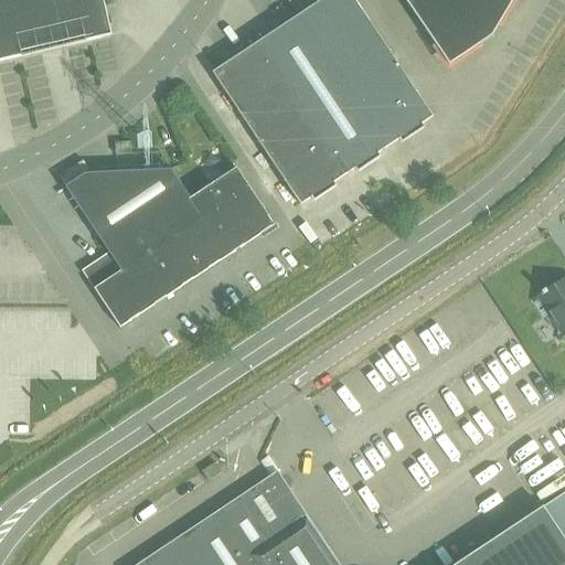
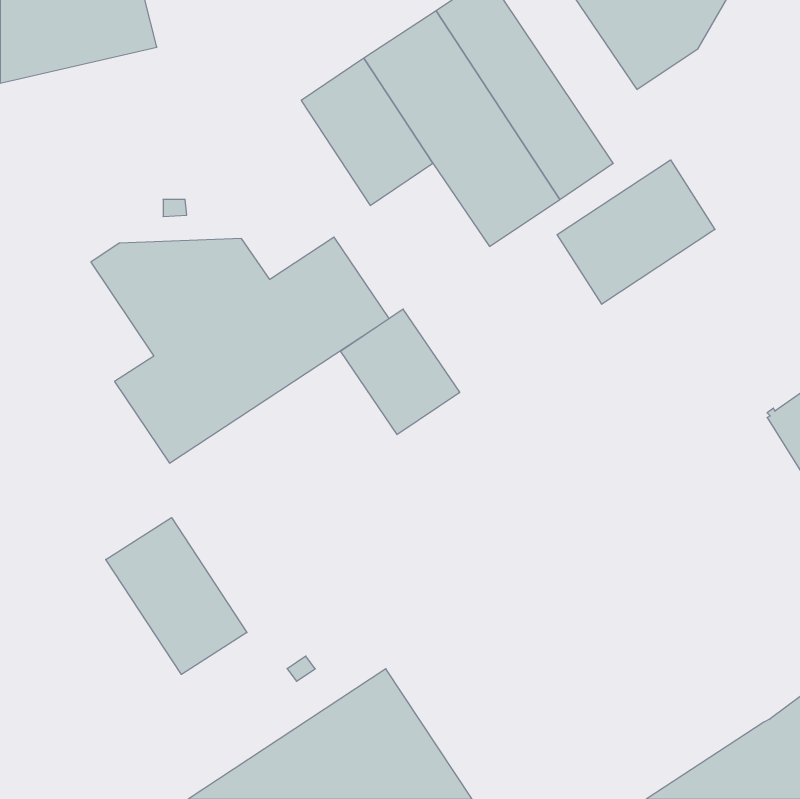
building: none -> [557,160,715,304]
building: [262,115,345,203] -> [341,309,460,435]
building: none -> [106,518,247,674]

